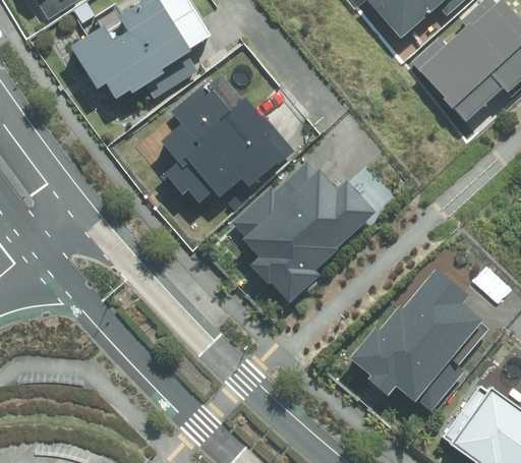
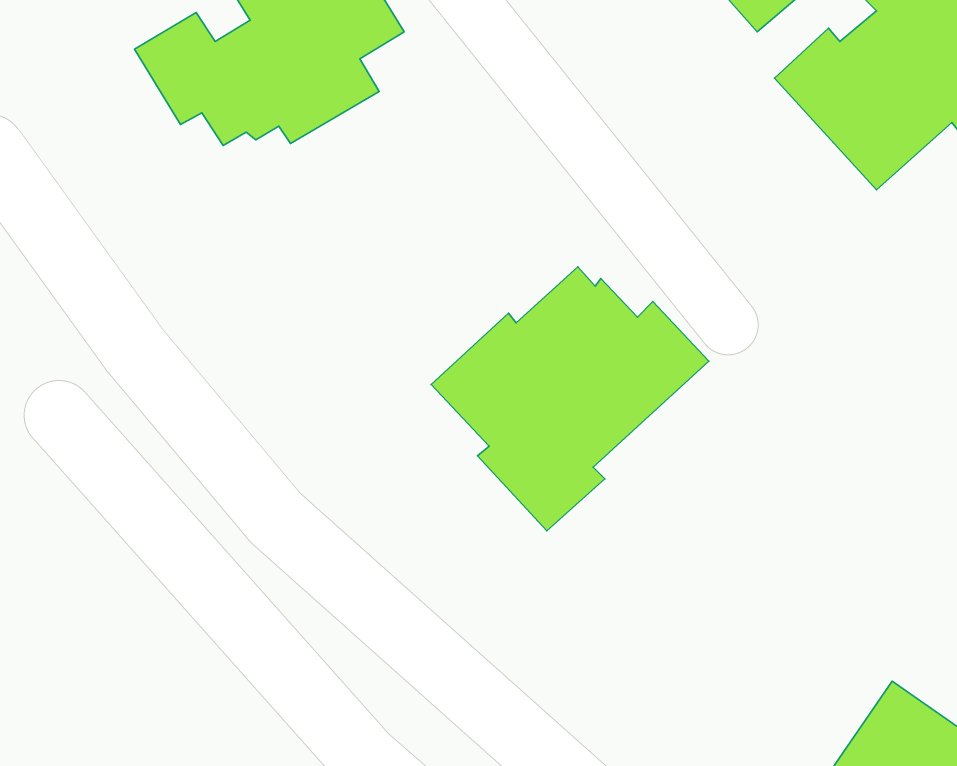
building: [159,90,287,212] -> none
building: [359,273,482,397] -> none

